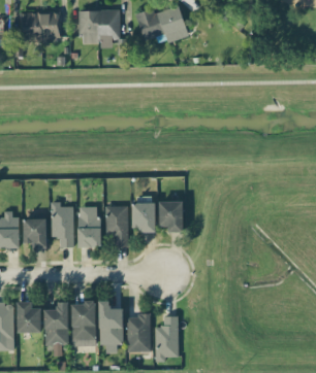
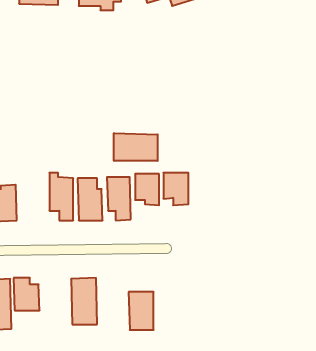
building: none -> [114,133,158,161]
building: [23,217,46,246] -> none
building: [98,300,123,352] -> none
building: [44,301,68,352] -> none
building: [155,315,178,362] -> none

